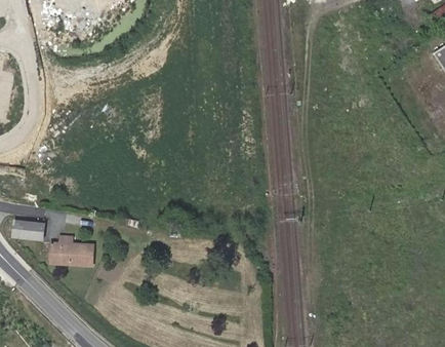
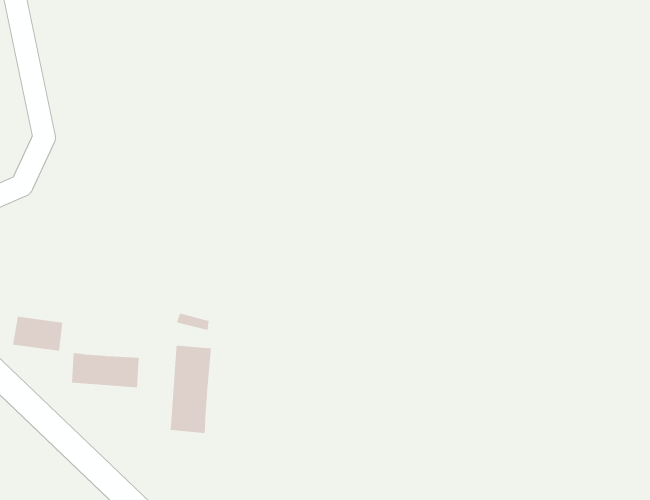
building: none -> [170,345,211,434]

